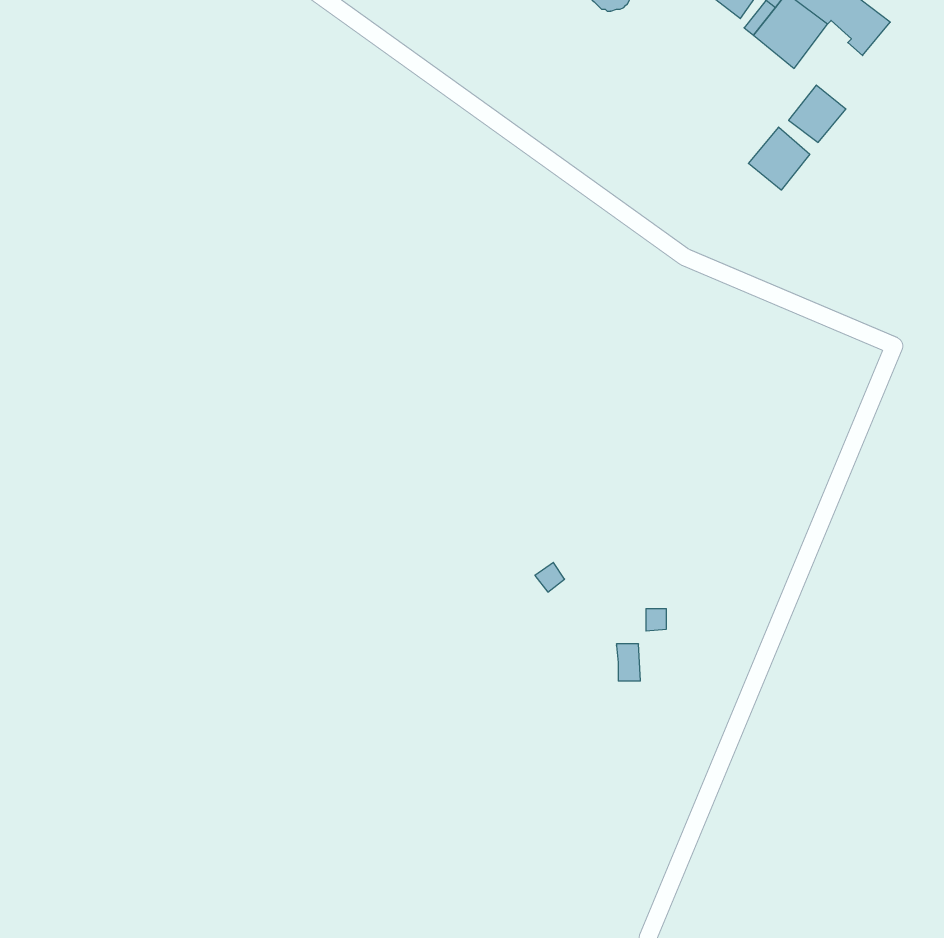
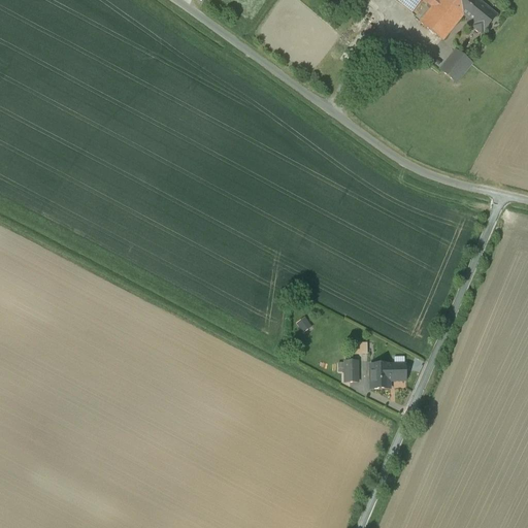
building: [748,127,810,190] -> none
building: none -> [370,362,405,387]

